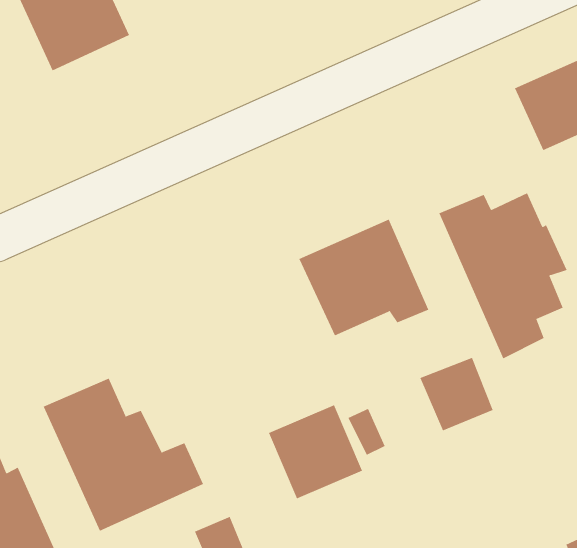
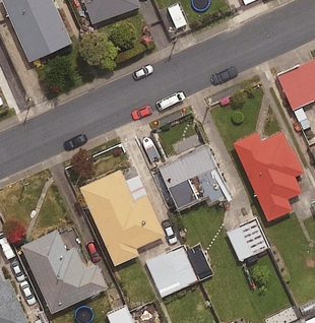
building: none -> [81,170,168,265]

